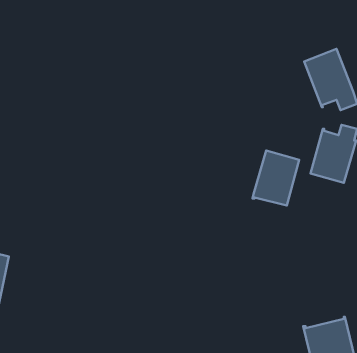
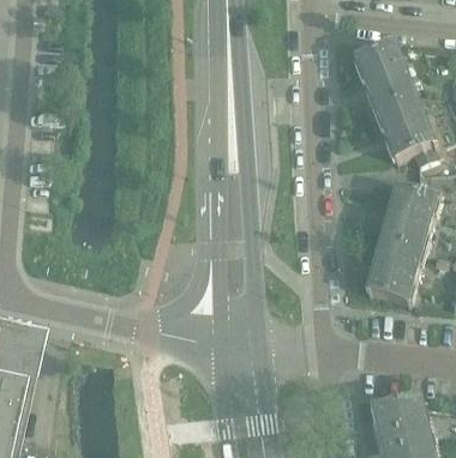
building: none -> [354,46,412,108]
building: [253,151,299,206] -> [366,237,420,301]

